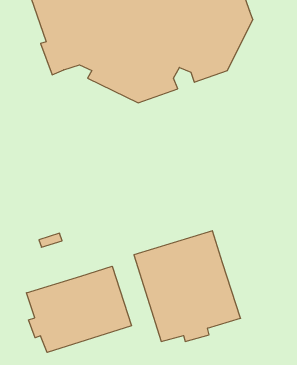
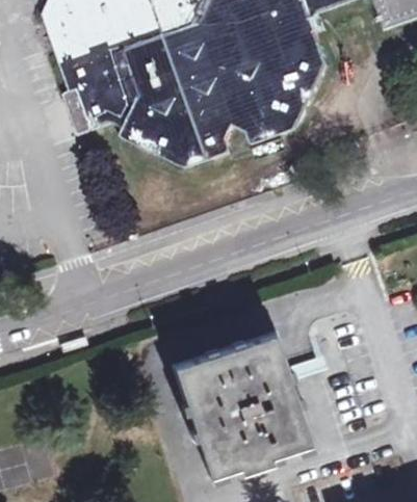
building: [26,266,132,352] -> none

